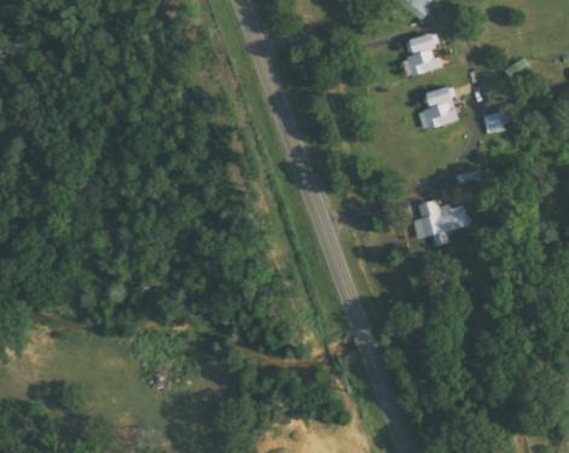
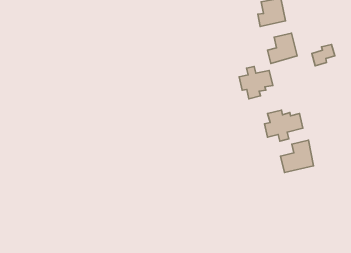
building: none -> [239,67,273,99]
building: none -> [280,140,314,173]

